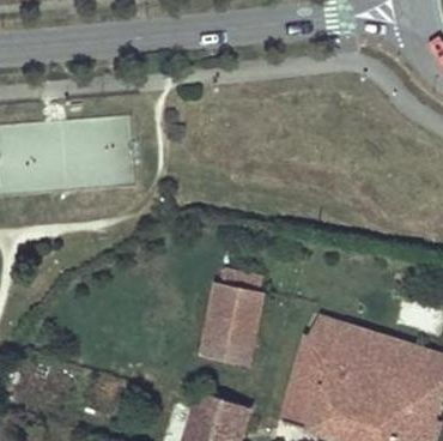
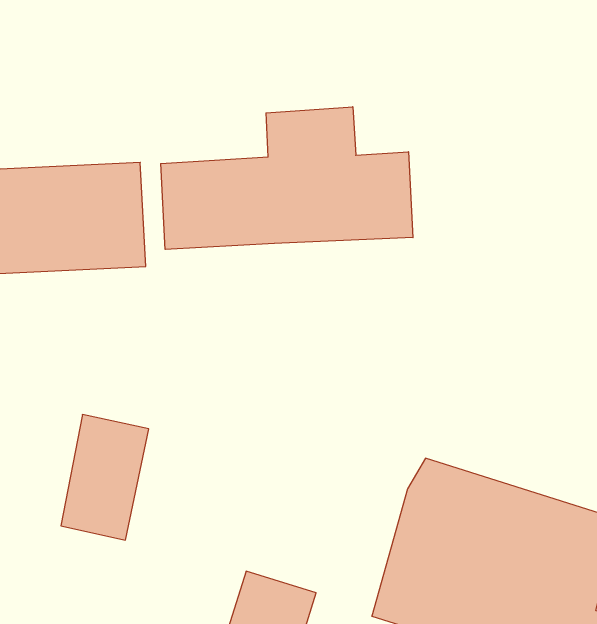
building: none -> [161,107,413,249]
building: [204,282,262,366] -> [61,415,149,540]

